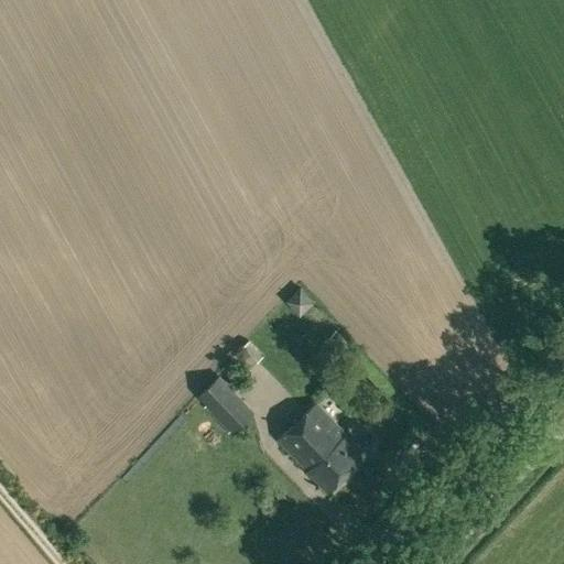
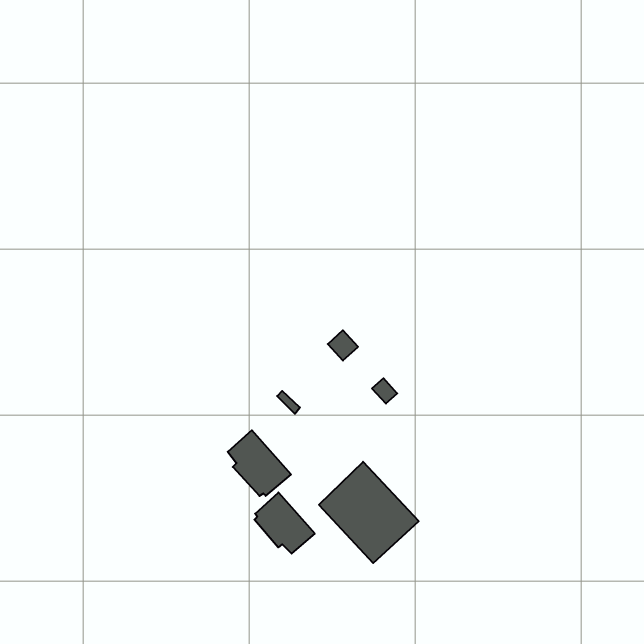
building: none -> [254,492,315,554]

